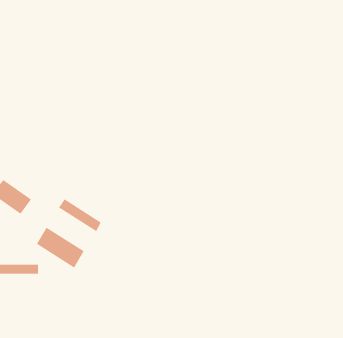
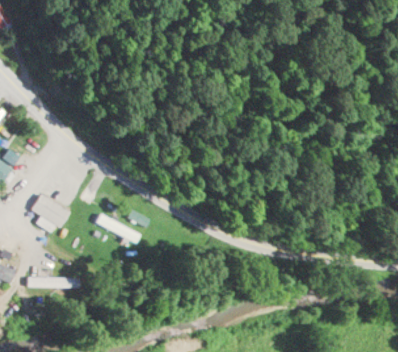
building: [36,227,84,268] -> none

